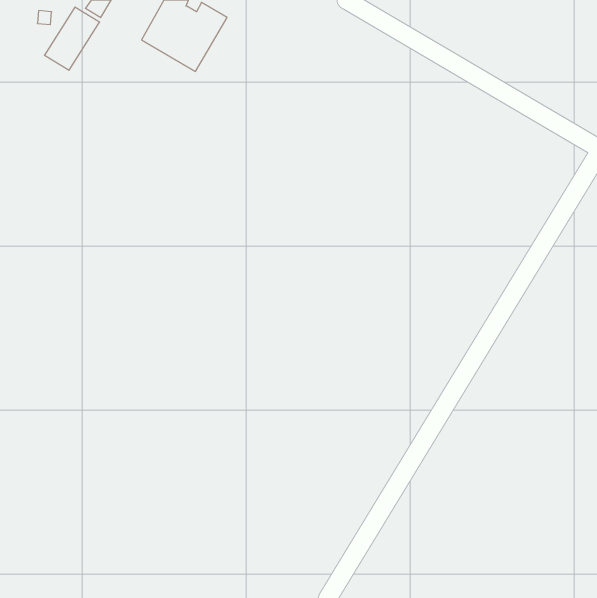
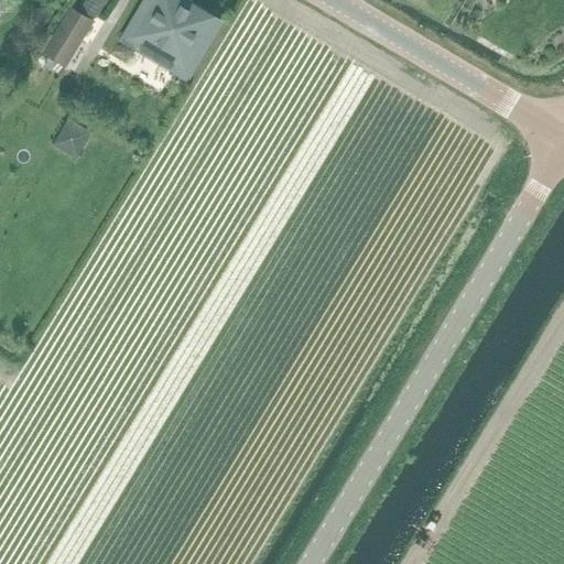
building: none -> [52,118,90,158]

